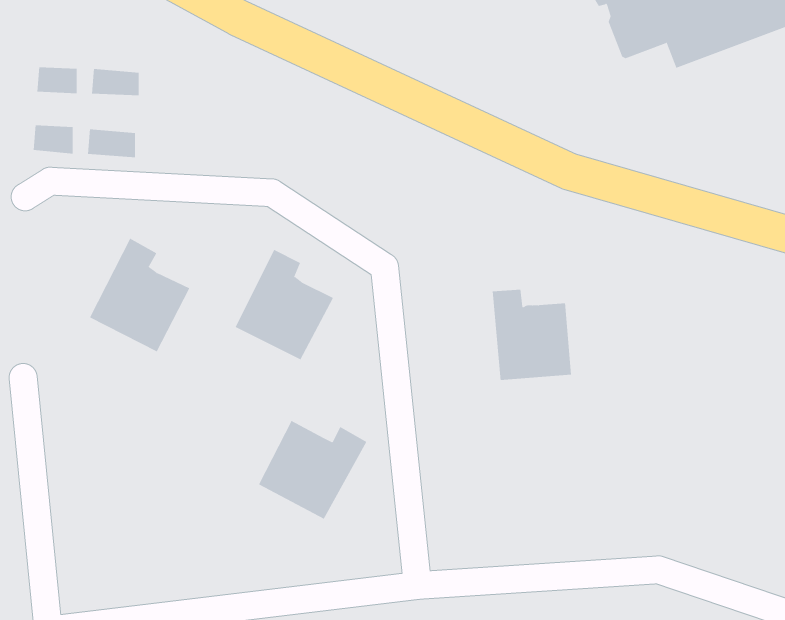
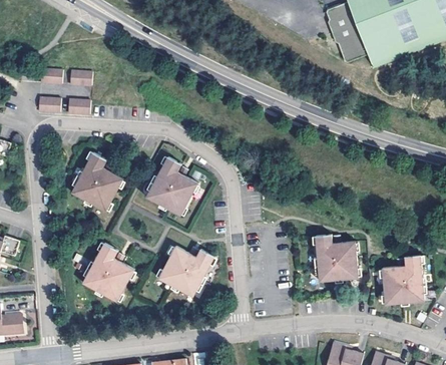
building: [492,289,572,381] -> [316,236,357,283]
building: none -> [82,244,134,303]
building: none -> [383,258,425,306]

